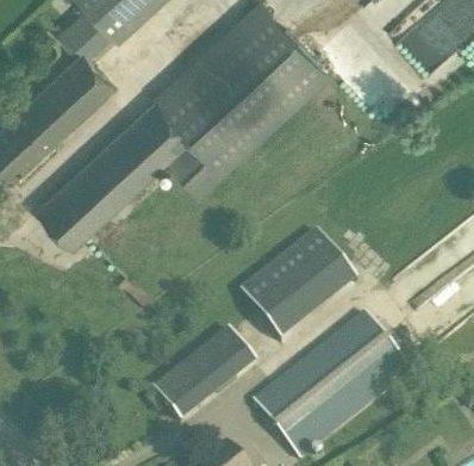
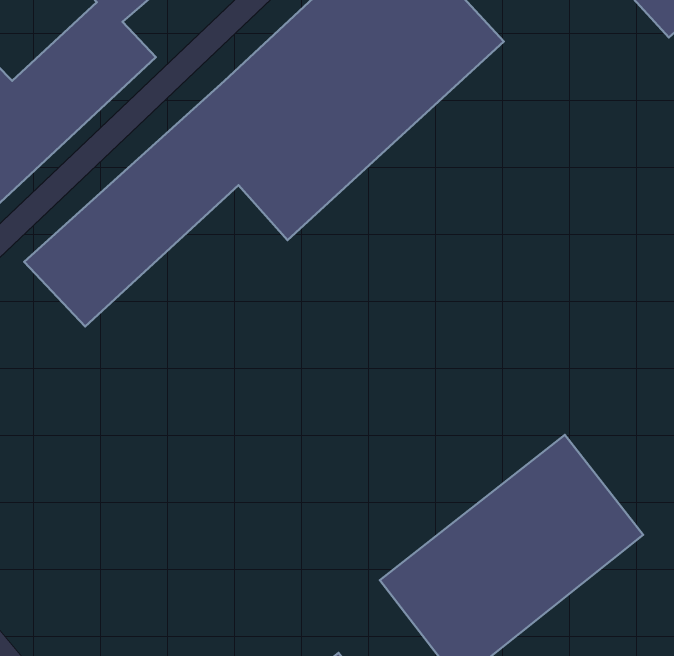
building: [243,230,361,342] -> none
building: [156,328,260,422] -> none

